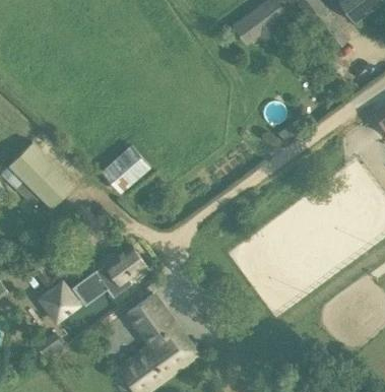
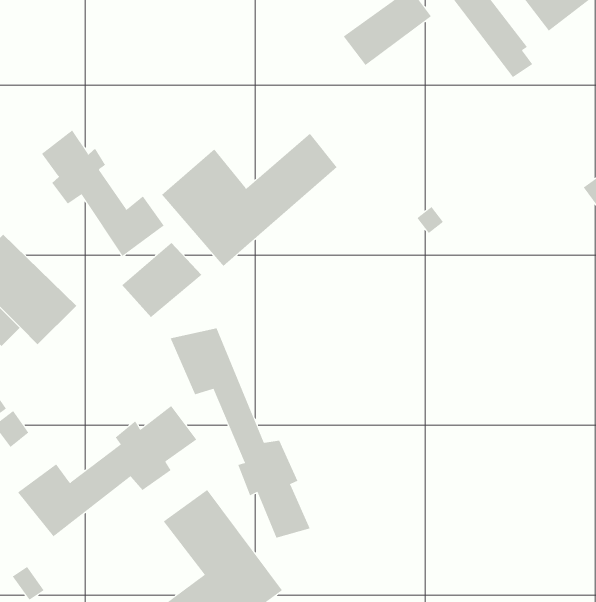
building: none -> [41,129,164,257]
building: none -> [161,133,338,267]
building: none -> [170,328,310,538]

